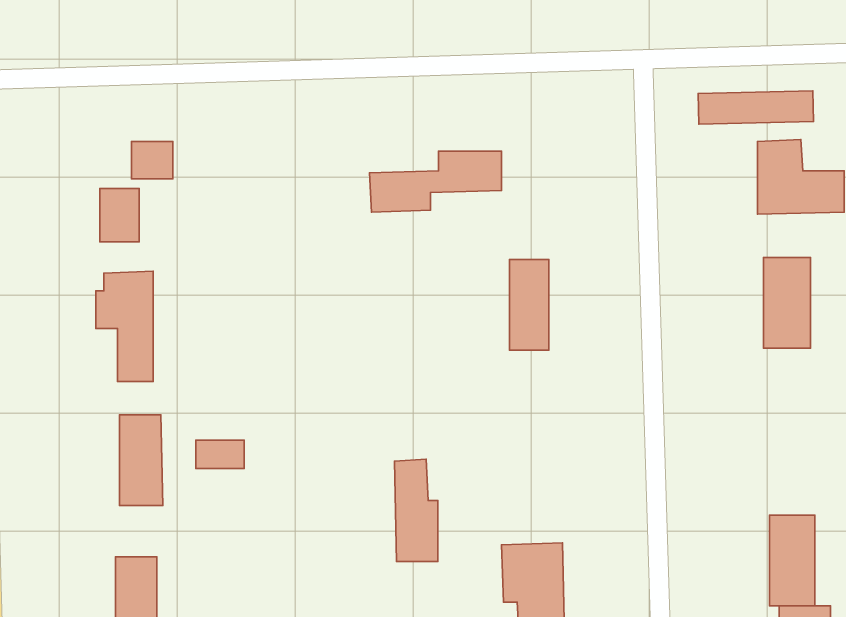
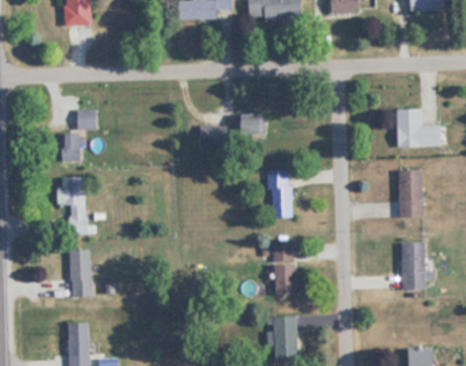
building: [698,91,814,124] -> none
building: [196,440,244,468] -> none
building: [395,459,438,562] -> [274,242,296,294]
building: [770,515,815,606] -> [402,242,426,288]

